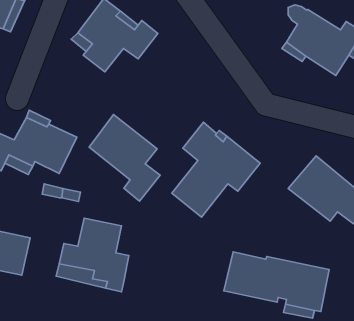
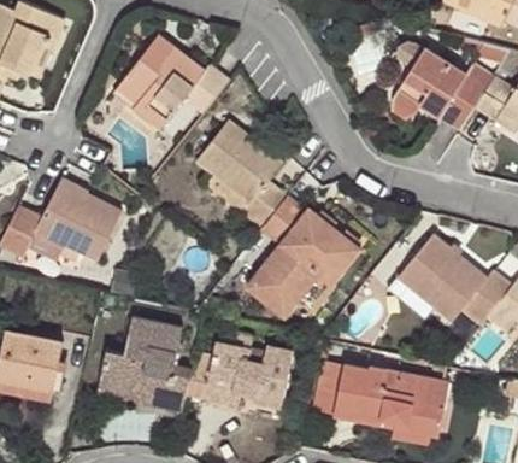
building: [89,114,160,201] -> [195,115,287,227]
building: none -> [184,341,293,420]

